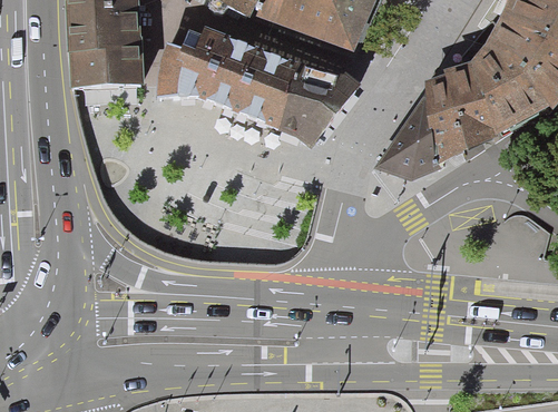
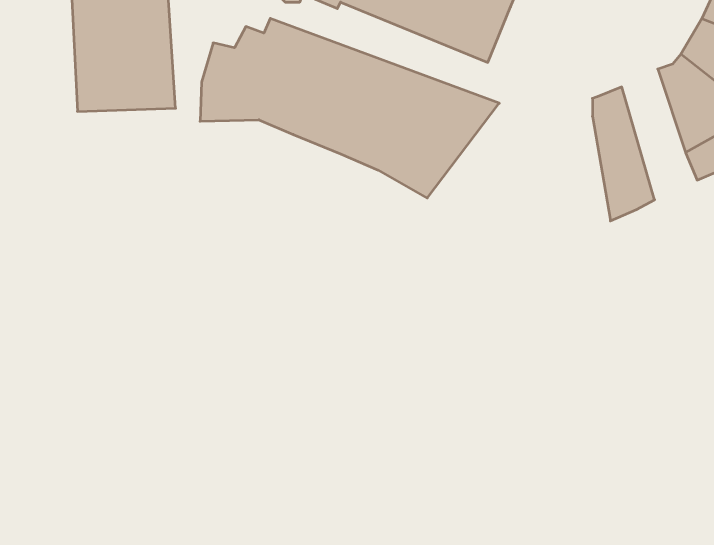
building: [443,59,496,148] -> none
building: [374,91,437,178] -> none

